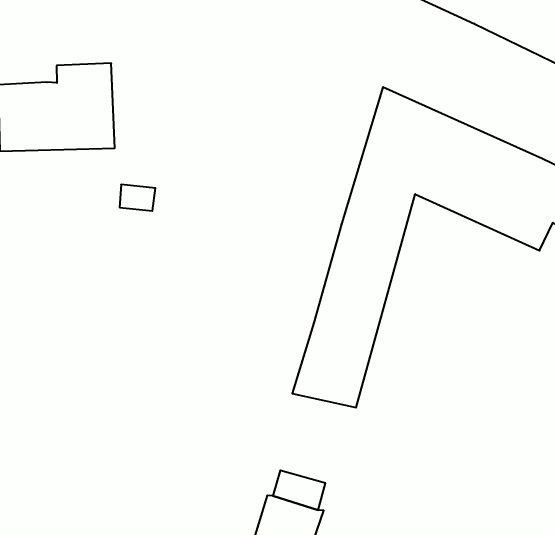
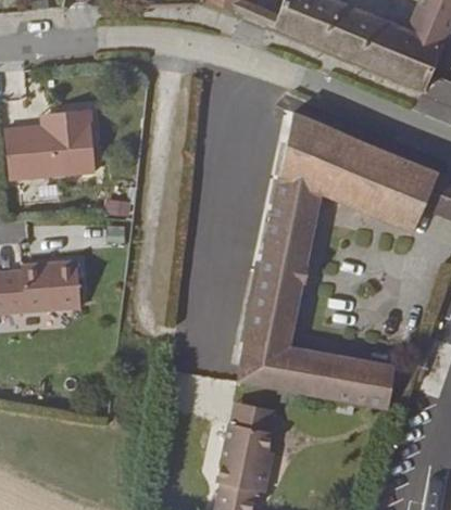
building: none -> [18,262,82,313]
building: none -> [234,348,392,412]

